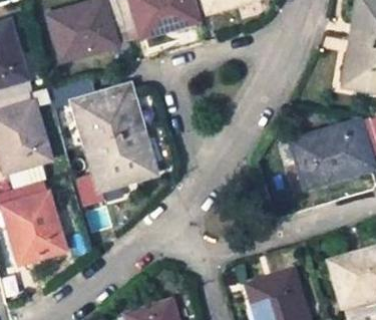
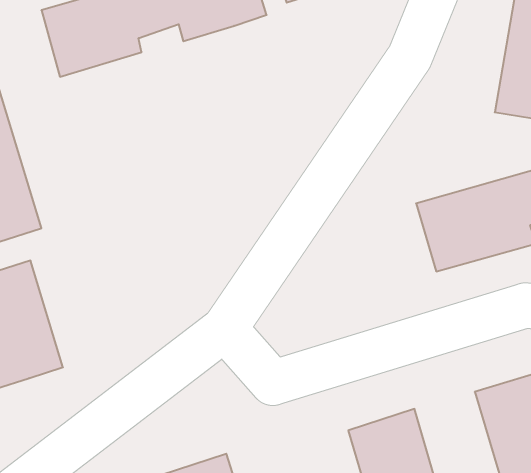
building: [58,82,155,206] -> none

